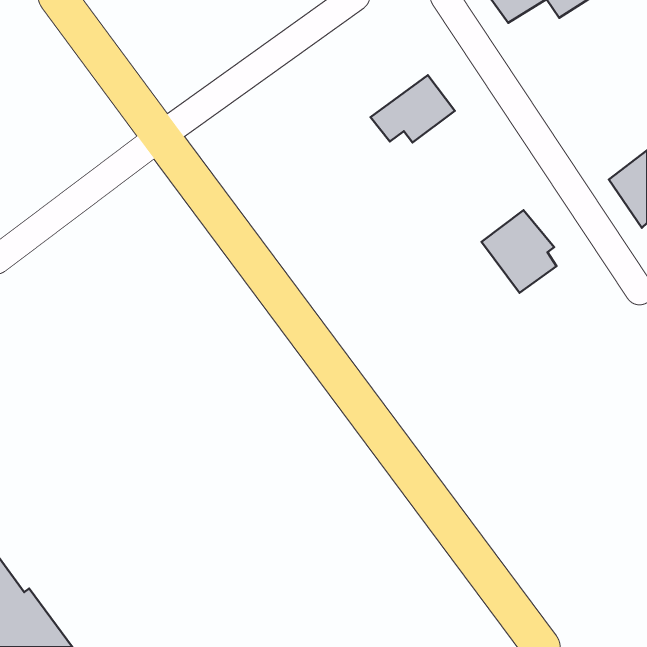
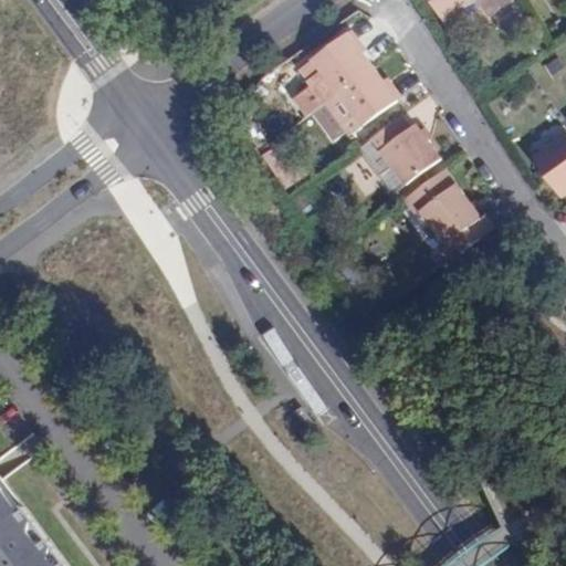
building: none -> [305,30,371,102]
building: none -> [356,114,440,184]

